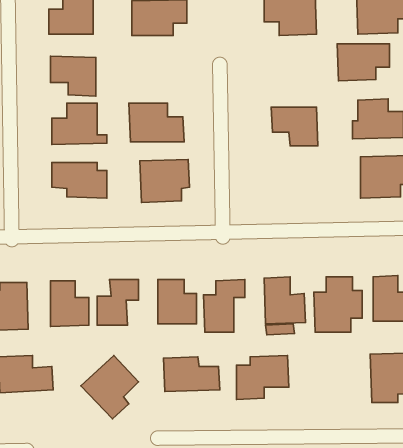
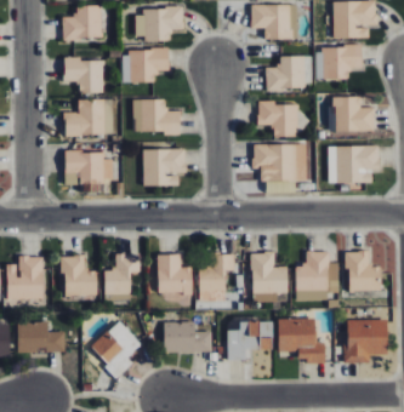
building: none -> [123,50,169,82]
building: none -> [266,56,311,90]
building: none -> [252,144,307,181]
building: none -> [277,317,324,362]

